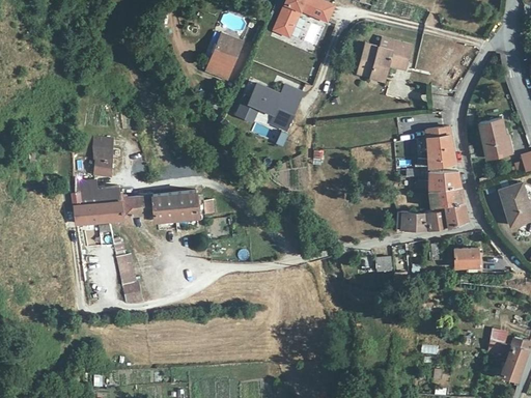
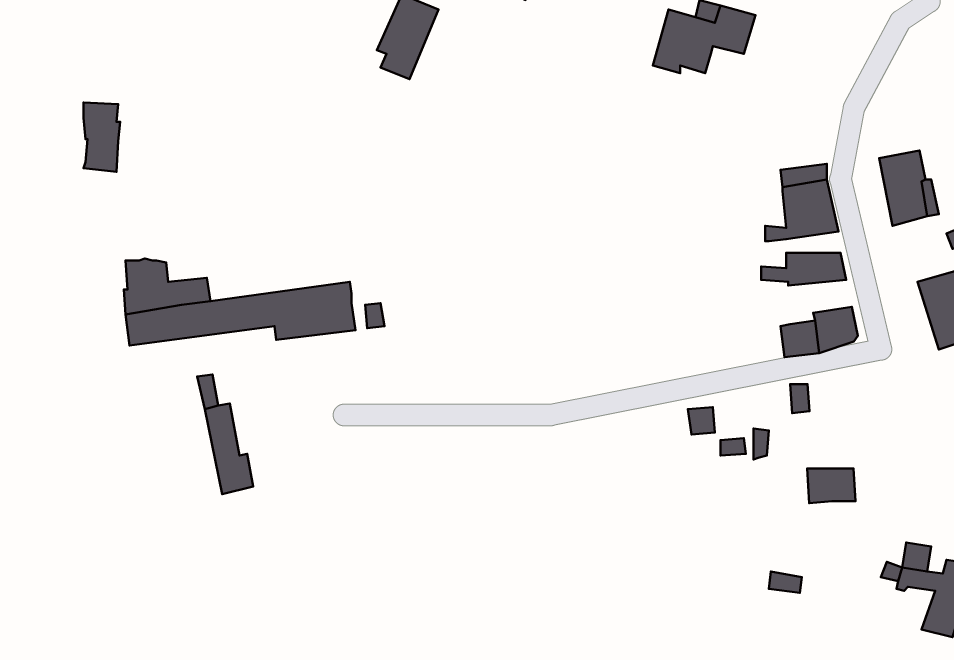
building: [237,84,304,130] -> none
building: [93,138,113,175] -> [84,102,120,172]
building: [430,188,465,211] -> none
building: [397,212,428,229] -> none
building: [453,249,479,267] -> [807,468,855,503]

